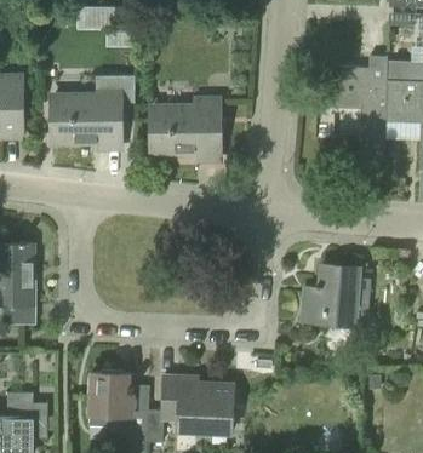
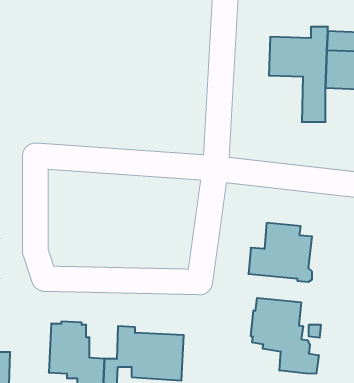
building: [51,75,132,148] -> none
building: [149,98,219,159] -> none
building: none -> [251,298,319,374]

